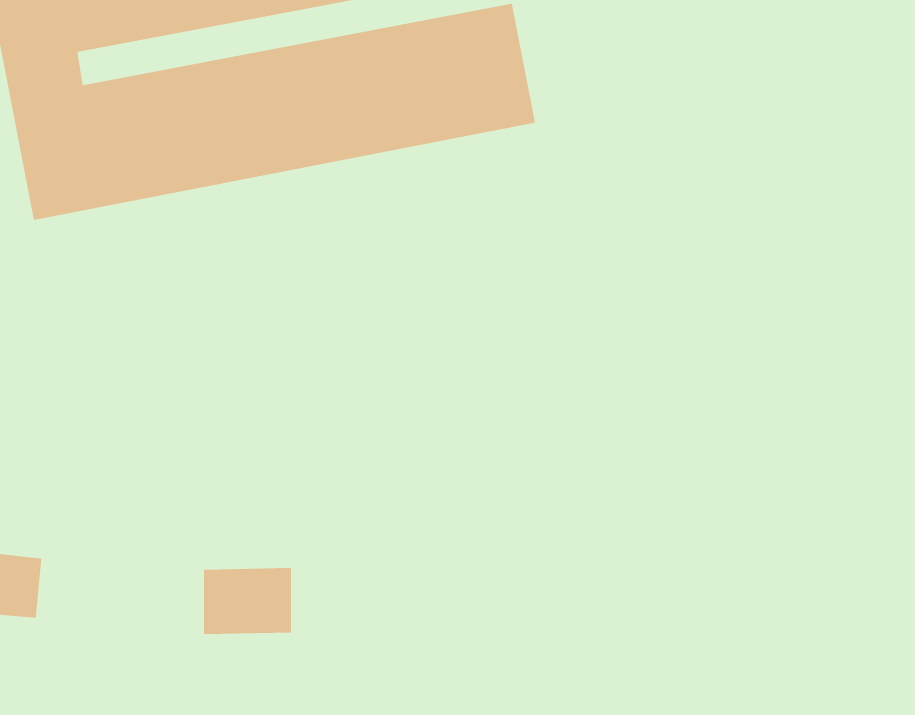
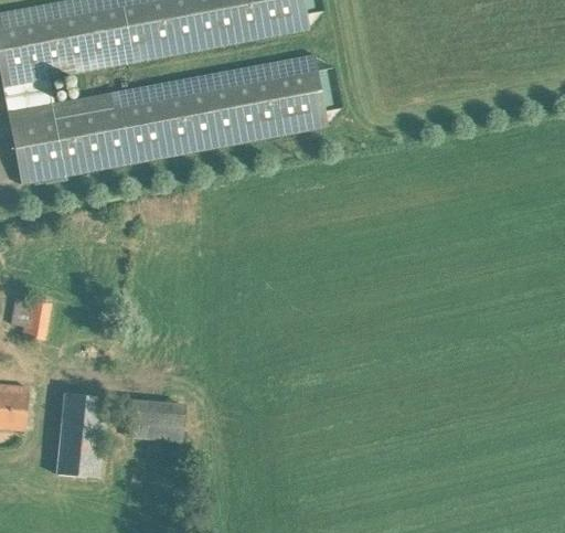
building: none -> [22,296,51,335]
building: none -> [54,393,105,476]

